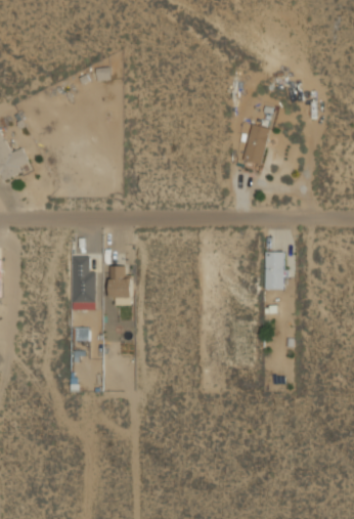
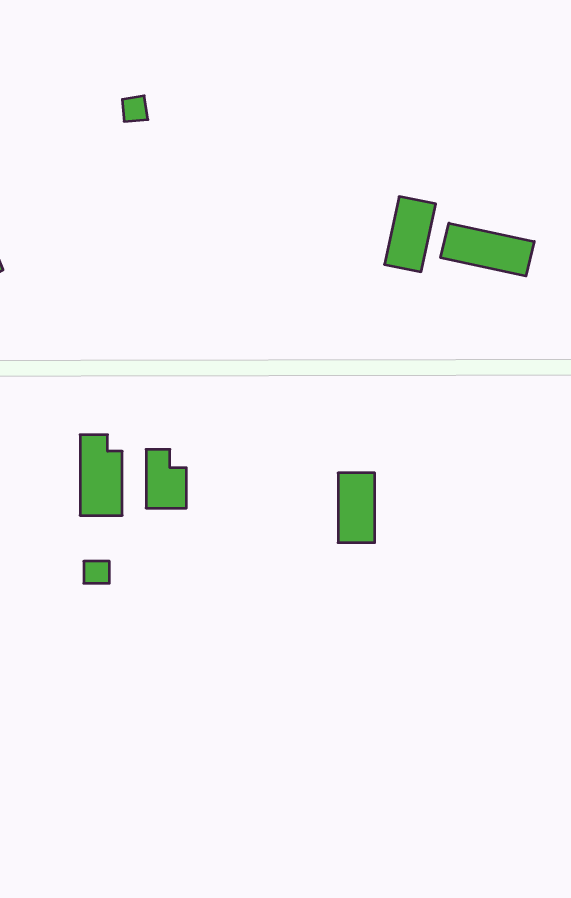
building: none -> [441,223,534,276]
building: [263,250,283,289] -> [338,473,375,543]

